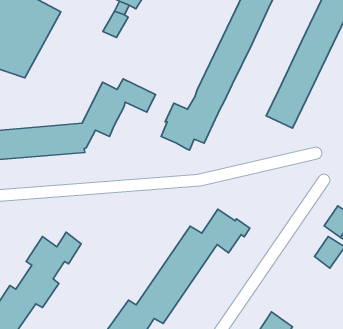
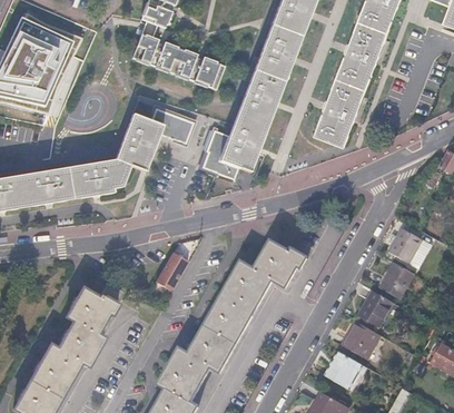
building: none -> [151,41,193,77]
building: none -> [189,58,224,90]
building: none -> [154,253,185,289]
building: none -> [359,289,393,324]
building: none -> [342,319,379,357]

